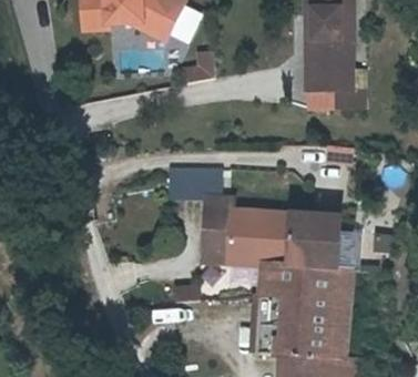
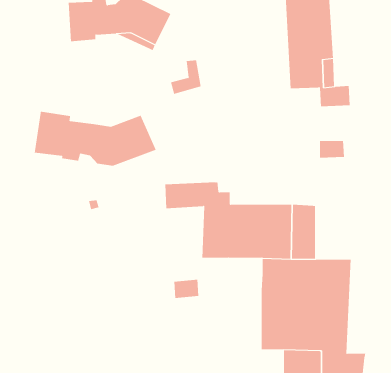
building: none -> [34,111,156,166]
building: [322,206,346,259] -> none

